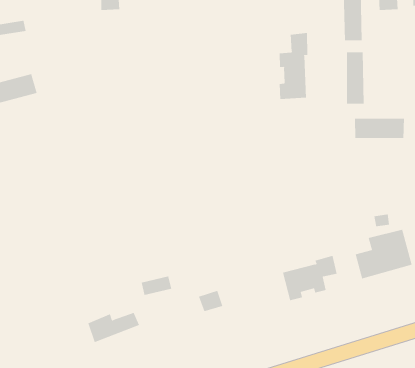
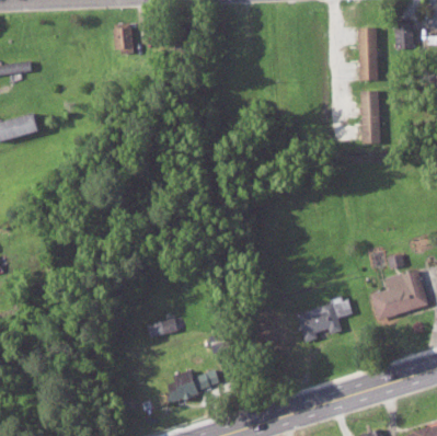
building: [279,32,308,100] -> none
building: [354,118,405,139] -> none
building: [88,312,140,343] -> [175,368,228,399]

